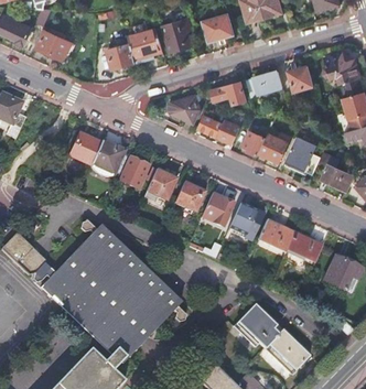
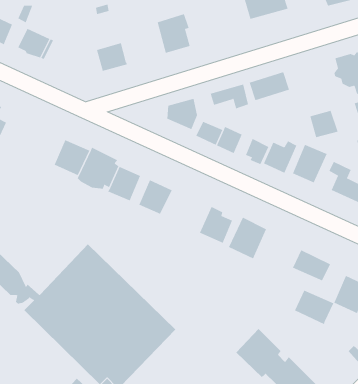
building: [203,13,235,42] -> none
building: [128,28,164,61] -> none
building: [288,65,314,90] -> [309,110,338,138]
building: [173,181,204,212] -> none
building: [257,219,293,251] -> [294,290,334,325]

